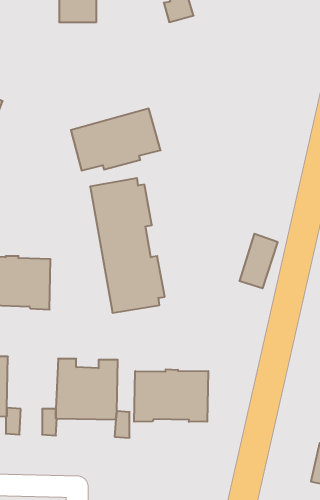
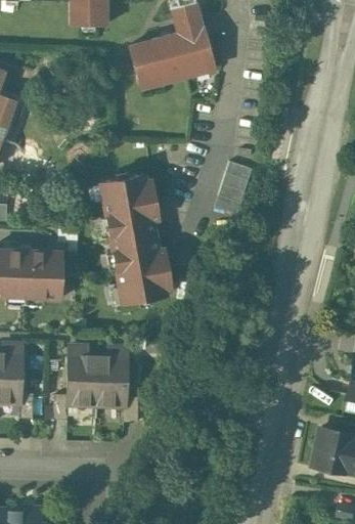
building: [71,109,161,171] -> [129,26,215,85]
building: [239,234,278,288] -> [215,161,252,213]
building: [134,369,208,422] -> none

